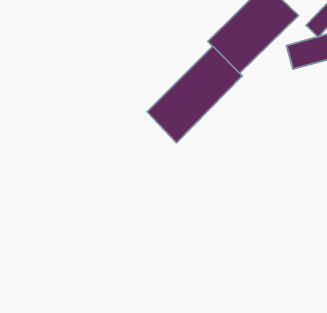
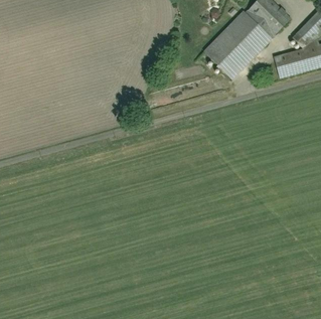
building: [147,46,242,143] -> none

